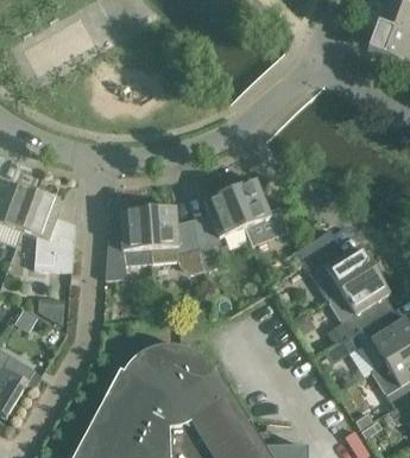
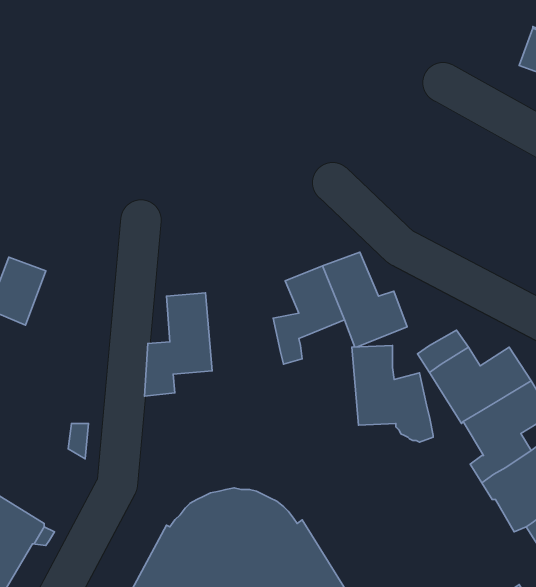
building: [21,192,74,272] -> none
building: [147,206,204,274] -> [352,346,433,442]

